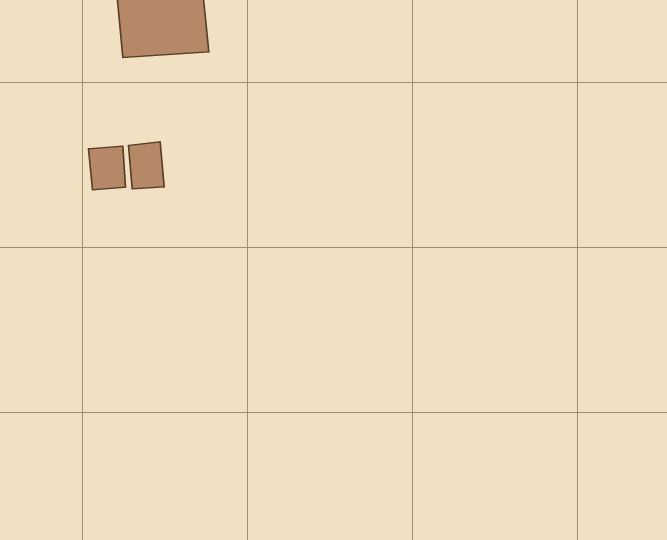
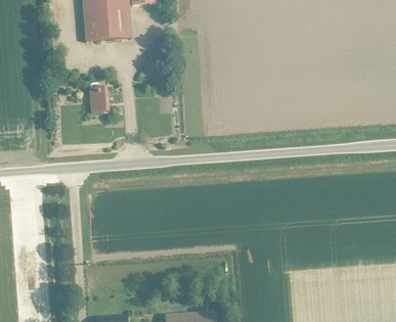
building: [89,146,125,190] -> none

